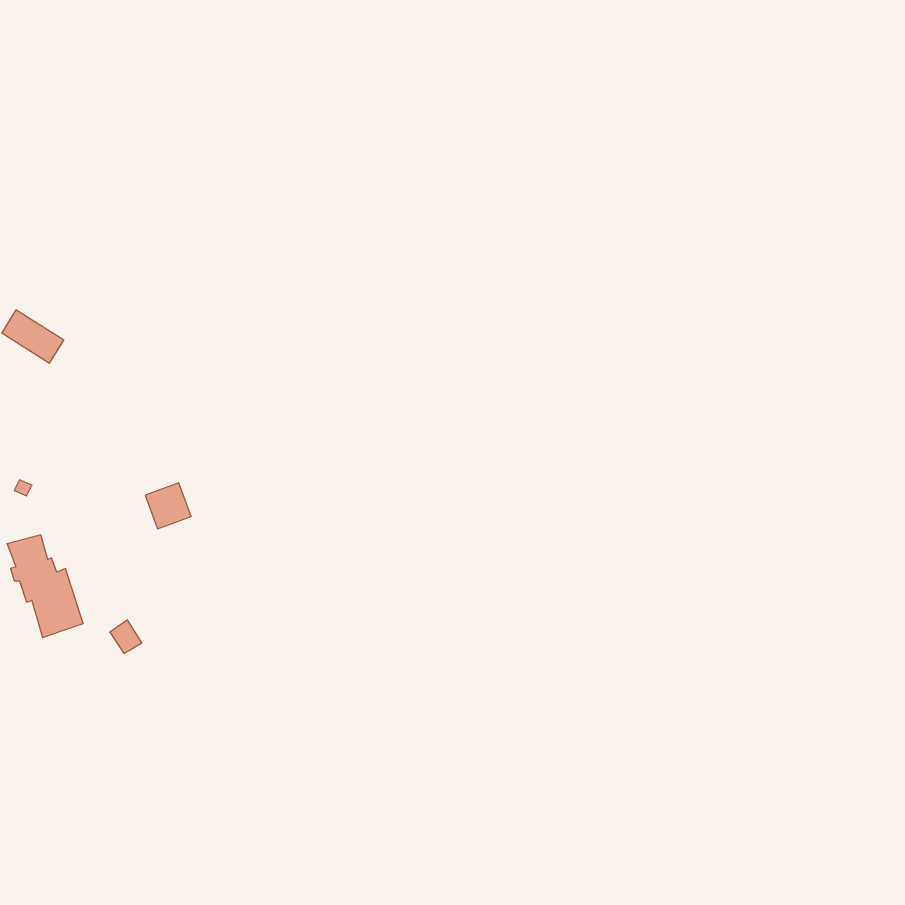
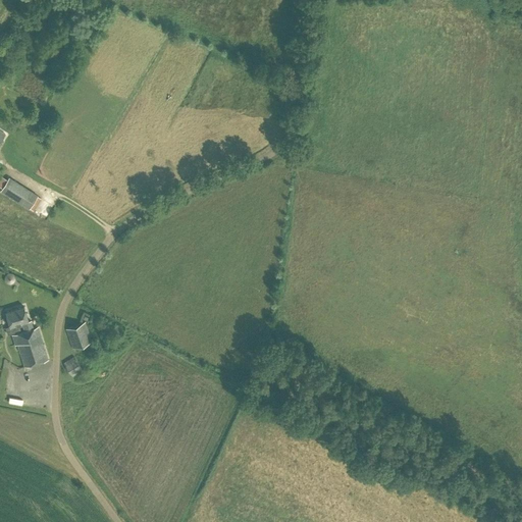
building: [145,483,191,529] -> [65,322,92,349]

